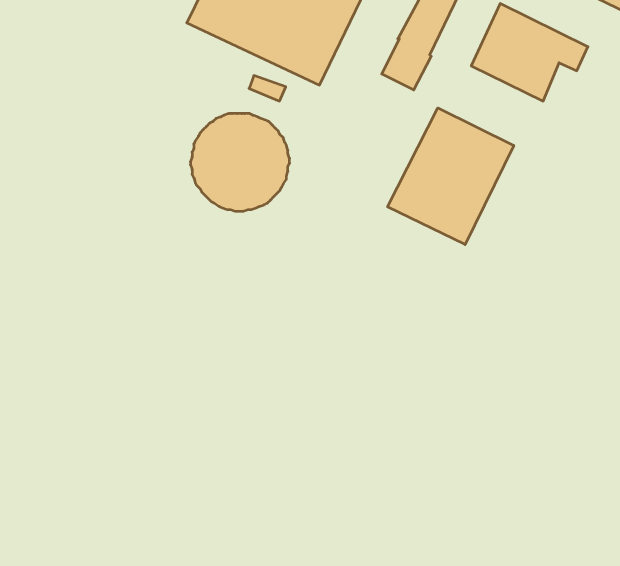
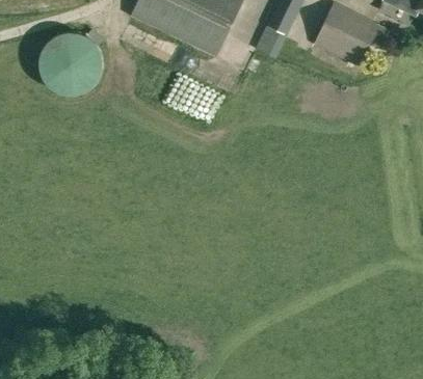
building: [388,108,514,245] -> none
building: [190,114,290,211] -> [38,32,103,96]

